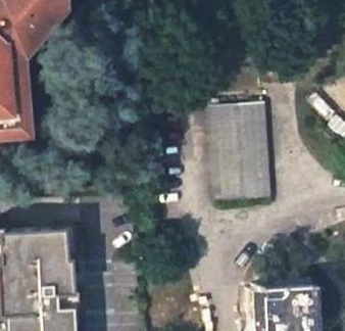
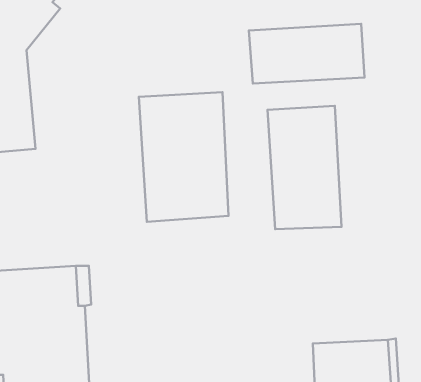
building: none -> [249,24,364,83]
building: none -> [139,92,229,222]

